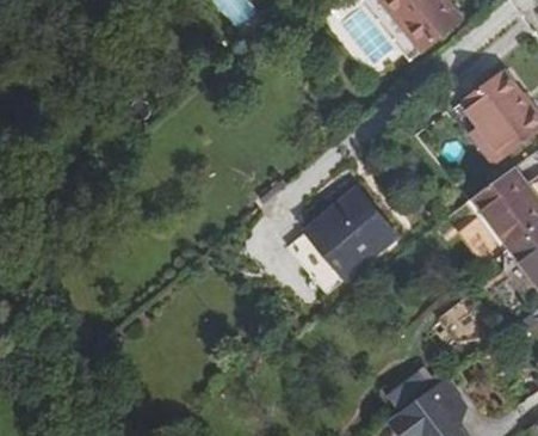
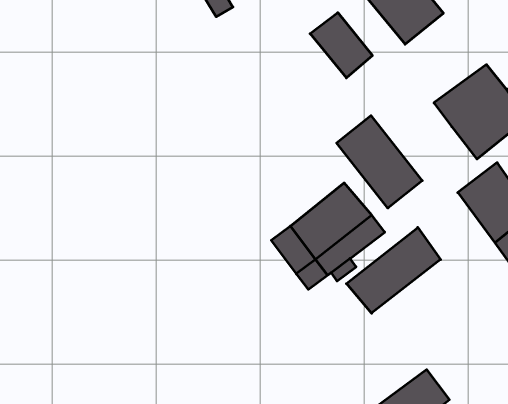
building: none -> [310,13,372,78]
building: none -> [337,116,422,208]
building: none -> [346,227,441,313]

